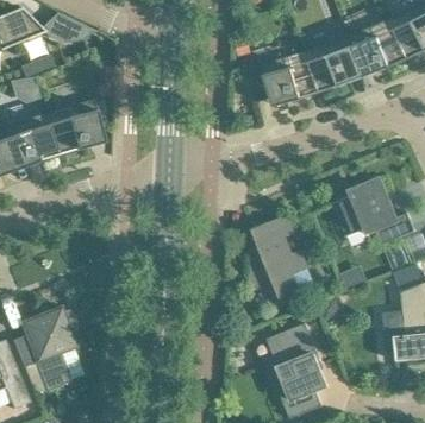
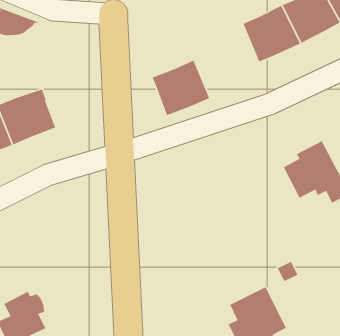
building: [261,51,319,107] -> [152,59,210,116]
building: [249,215,314,298] -> none

